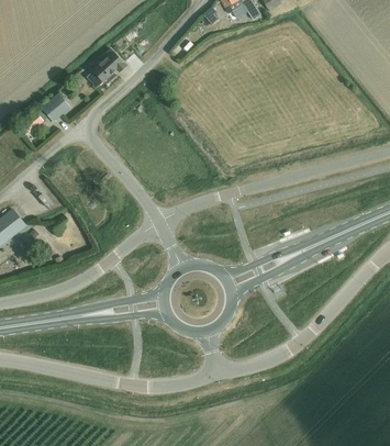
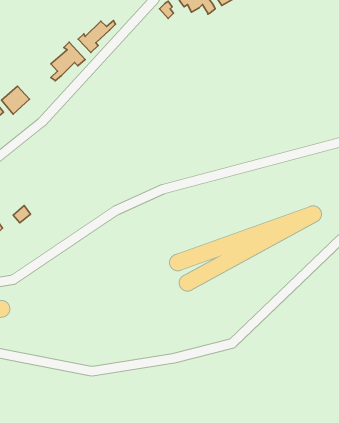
building: none -> [78,20,116,53]

